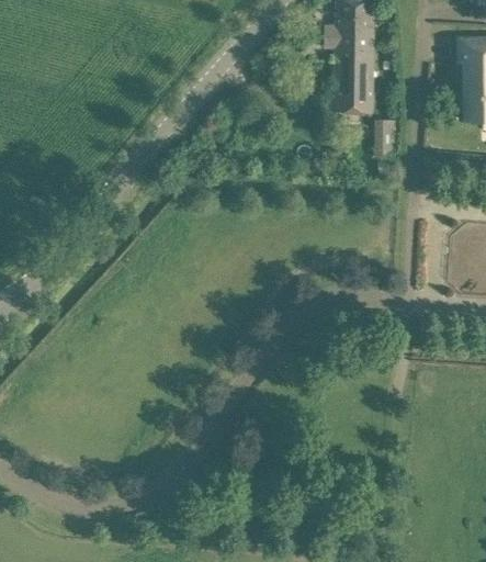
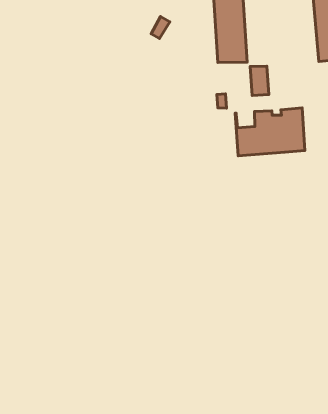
building: none -> [235,108,305,156]

